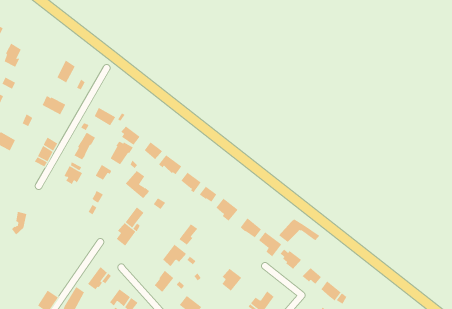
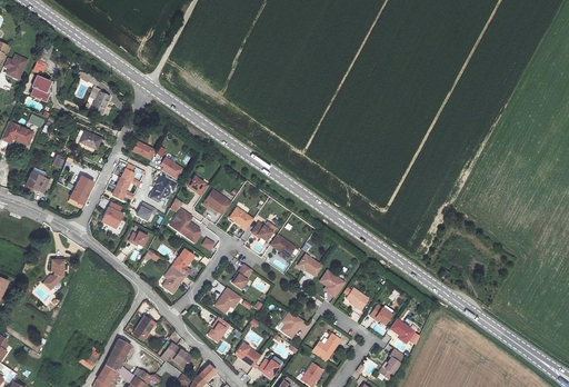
building: [278,218,320,243] -> none

